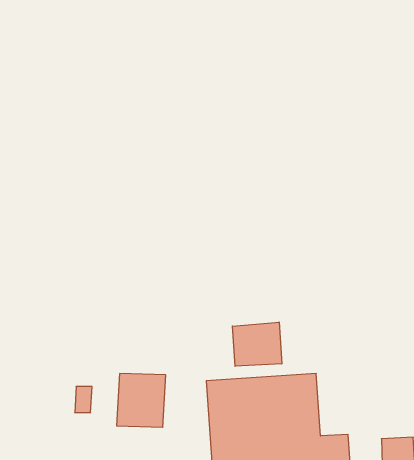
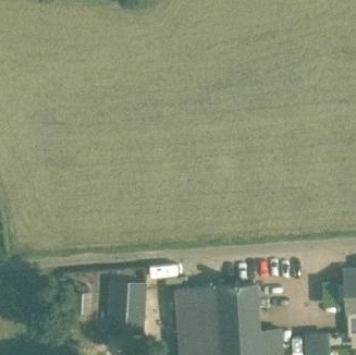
building: [232,322,282,366] -> none

